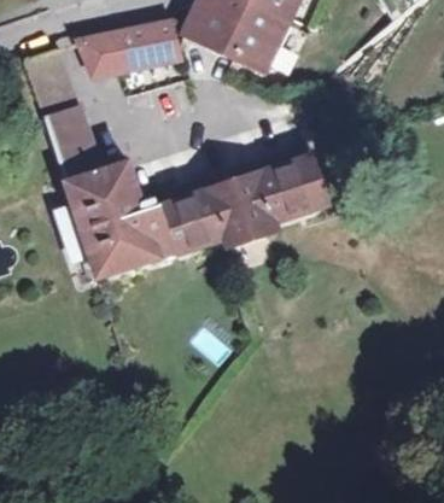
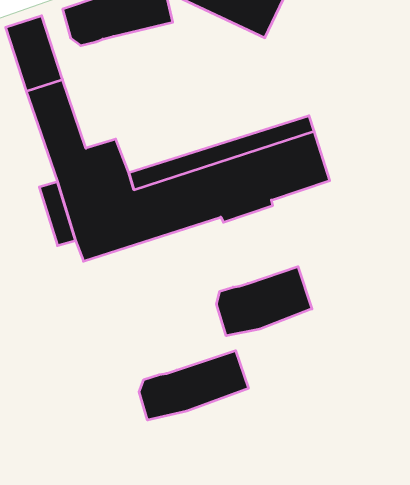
building: none -> [217,267,312,336]
building: none -> [139,351,248,420]

